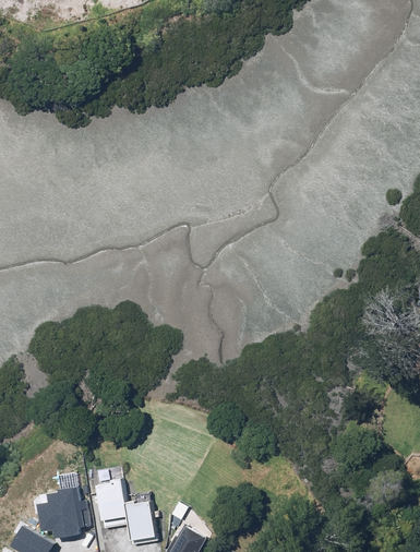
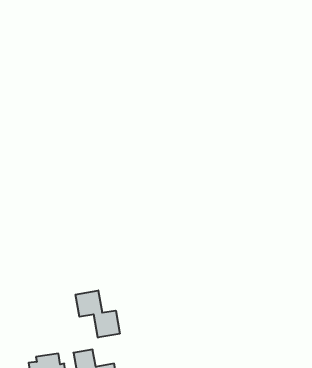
building: none -> [76,290,120,338]

